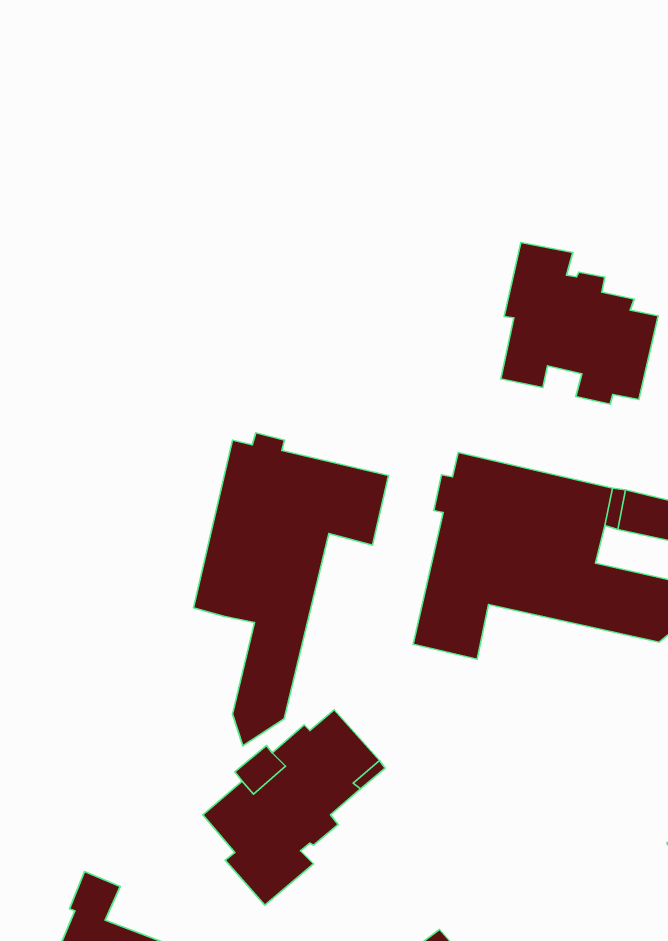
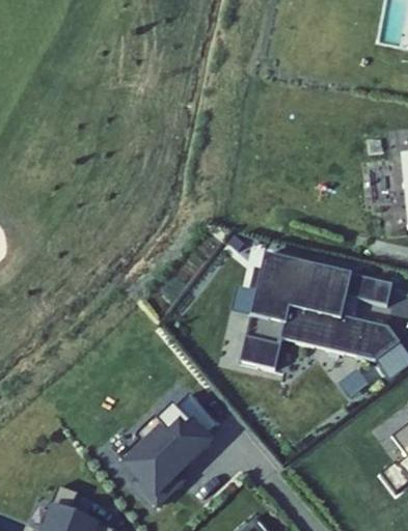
building: [501,242,658,404] -> none
building: [194,433,389,746] -> none

